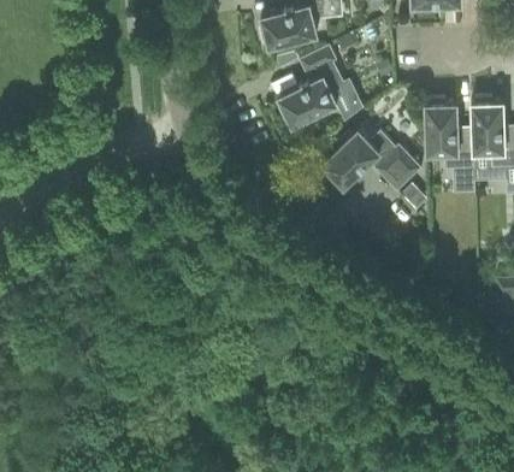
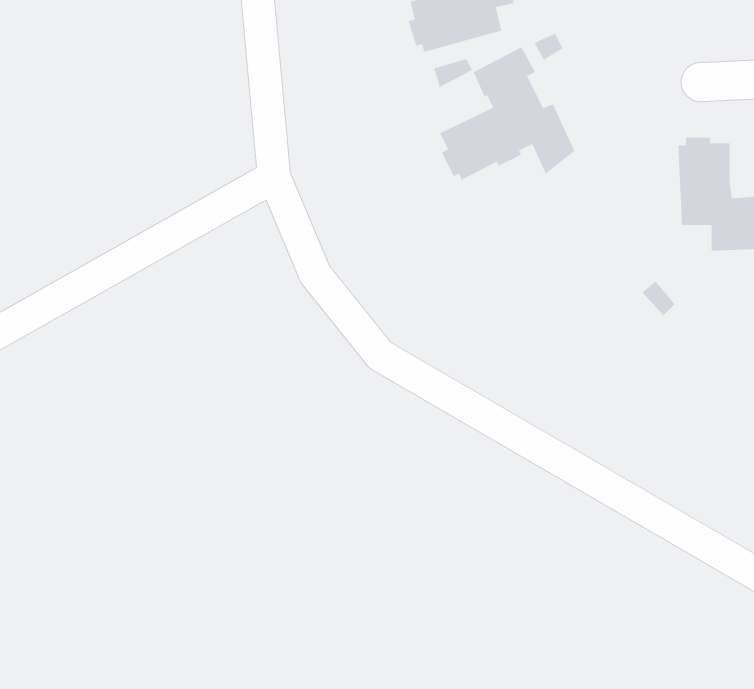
building: [323,128,423,191] -> none

